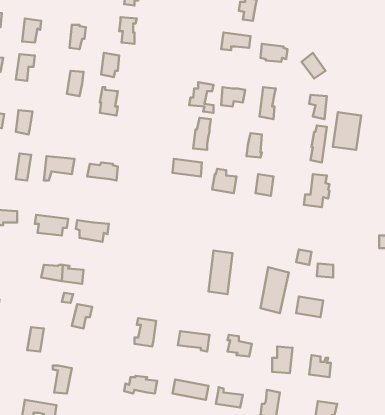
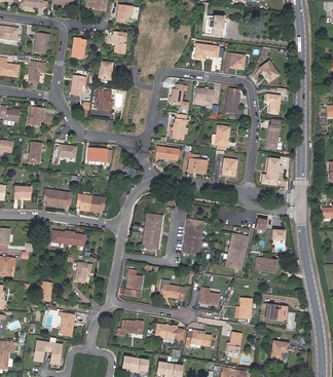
building: [333,112,361,150] -> none
building: none -> [142,215,162,250]

